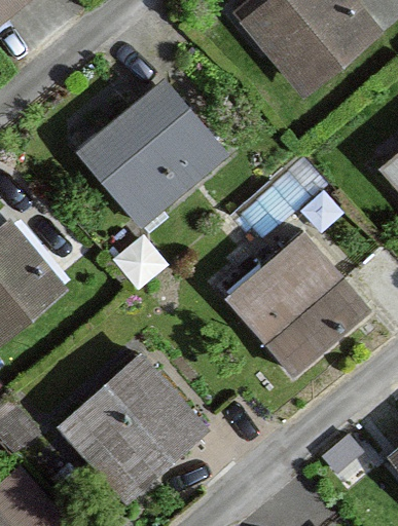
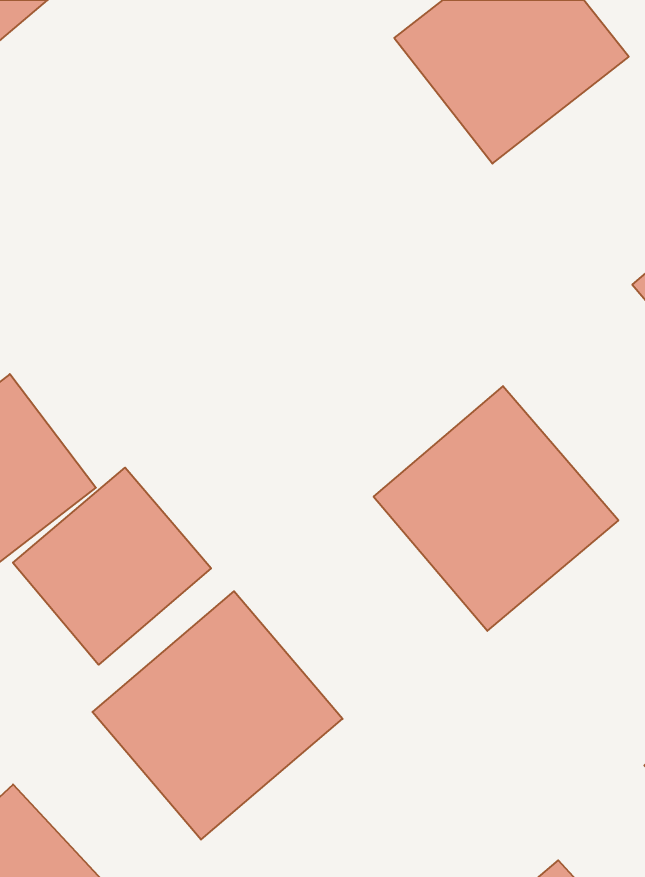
building: [76,75,229,226] -> none
building: none -> [13,468,211,665]

